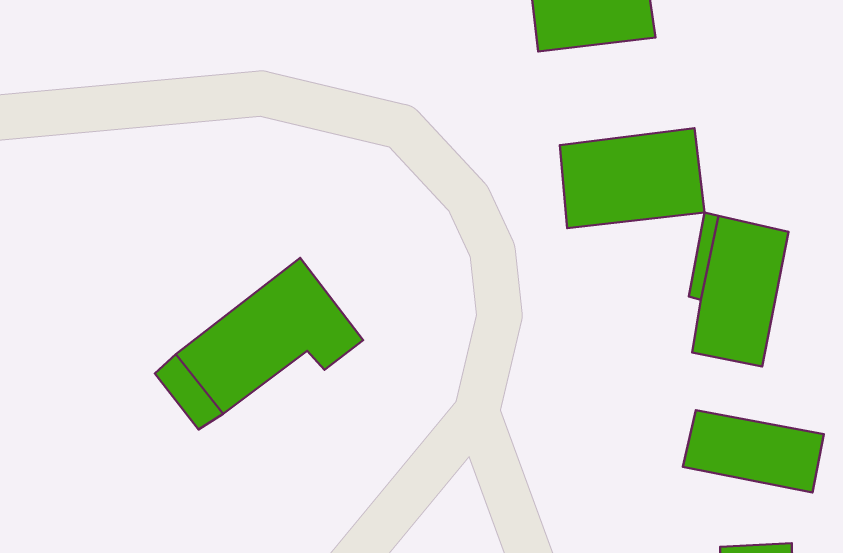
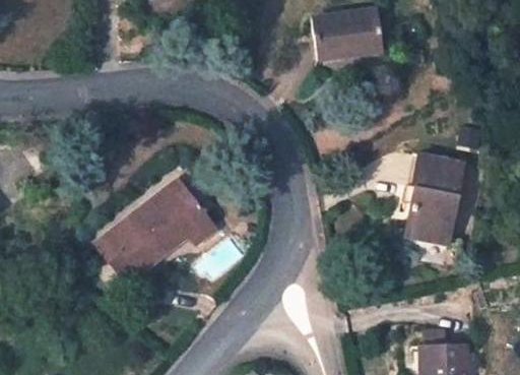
building: [560,128,704,228] -> none
building: [683,410,824,492] -> none

